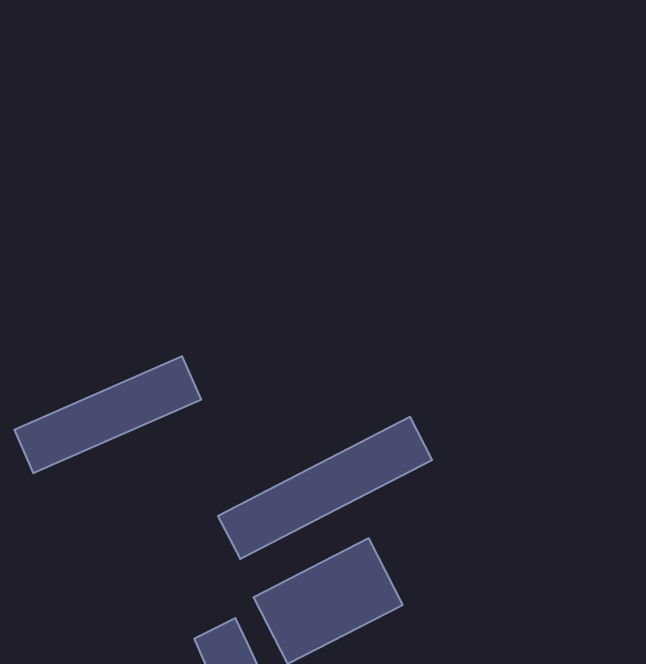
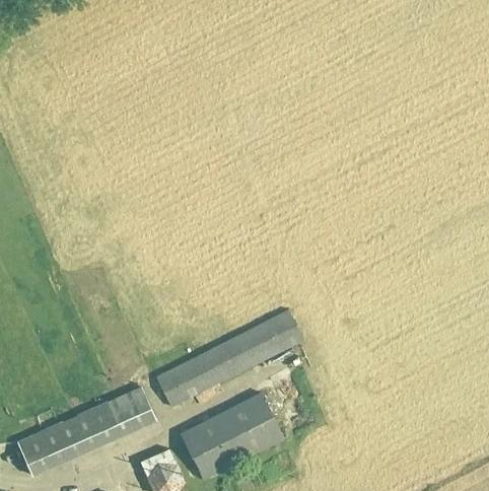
building: [14,356,201,473] -> none
building: none -> [16,388,155,476]

